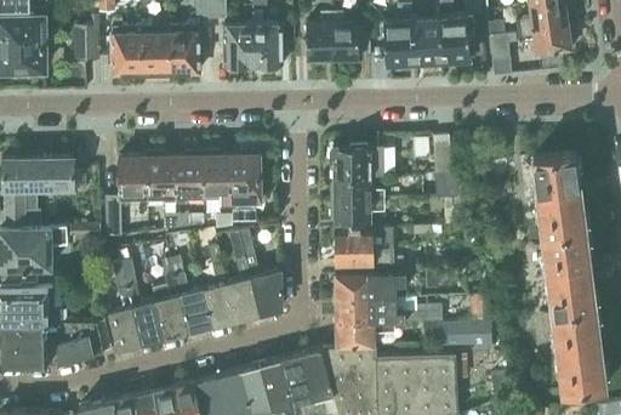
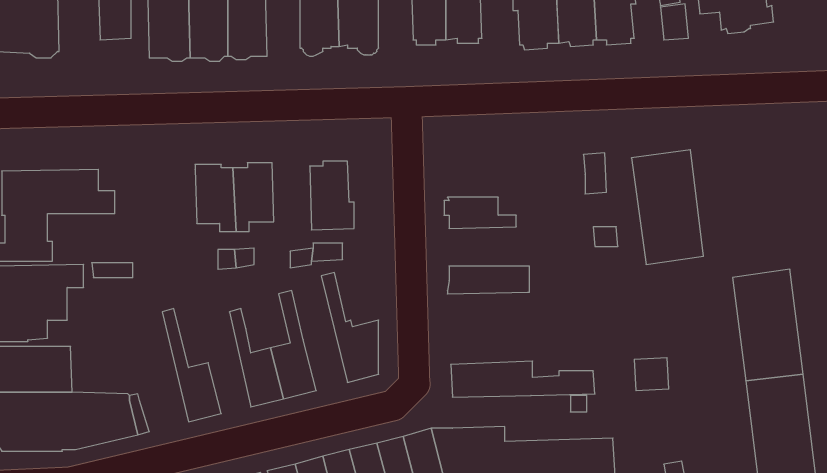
building: [330,147,383,178] -> none
building: [203,153,232,203] -> none
building: [532,153,586,238] -> [631,150,703,264]
building: [104,158,147,238] -> none
building: [330,200,383,224] -> none
building: [226,237,258,322] -> none
building: [332,249,403,269] -> none
building: [108,263,141,351] -> none
building: [152,263,187,339] -> none
building: [335,274,420,302] -> none
building: [438,323,494,353] -> none
building: [336,325,394,349] -> none

